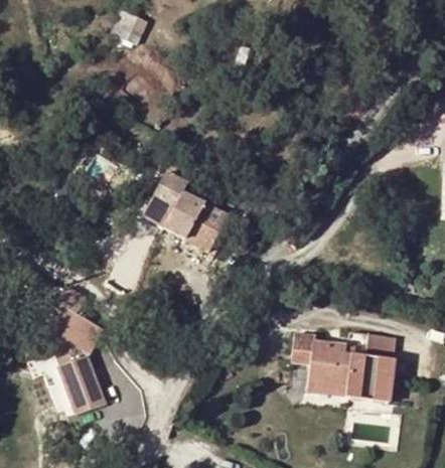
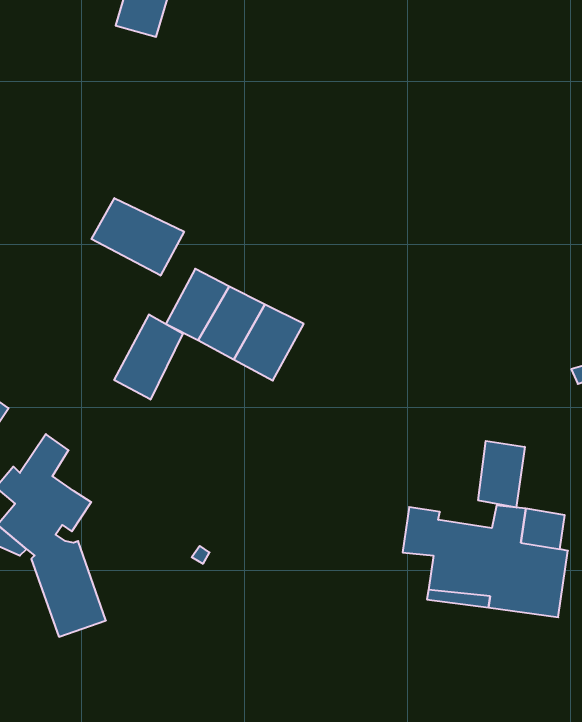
building: none -> [91,198,184,276]
building: none -> [114,314,183,400]
building: none -> [478,441,525,508]

